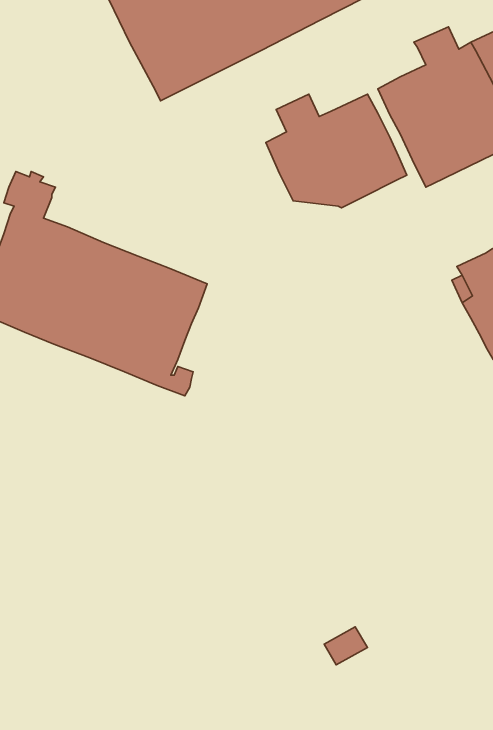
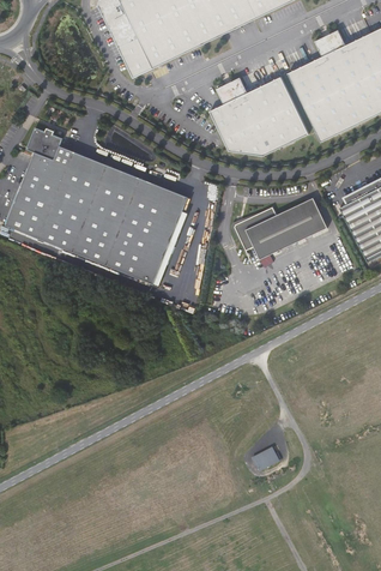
building: none -> [55,148,188,271]
building: none -> [232,197,326,259]

